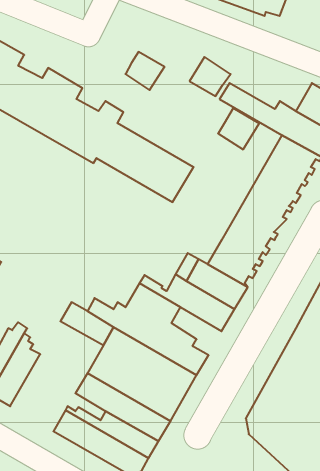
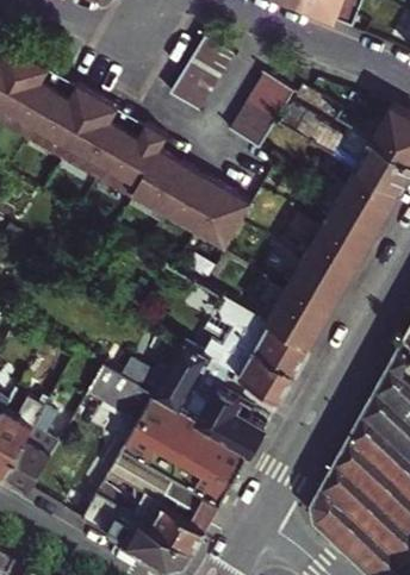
building: none -> [185,35,235,83]
building: [218,108,259,149] -> [228,100,277,149]

